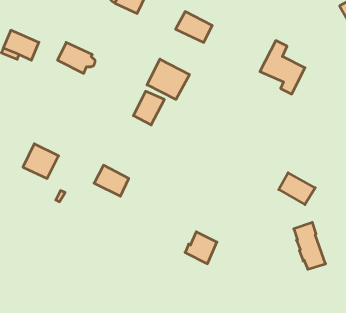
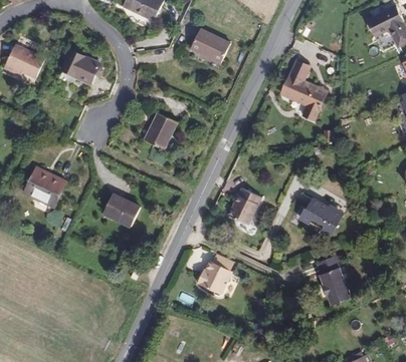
building: [147,59,189,99] -> none
building: none -> [228,188,261,224]

